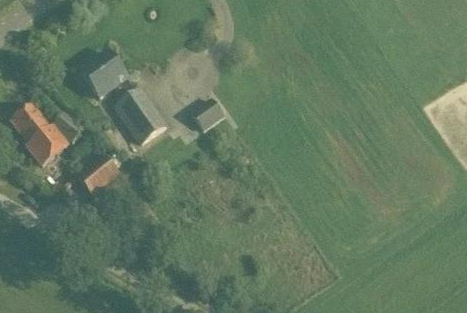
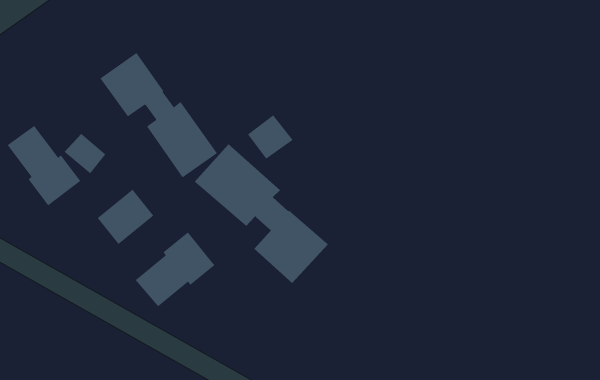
building: none -> [194,143,329,284]
building: none -> [135,232,215,307]

